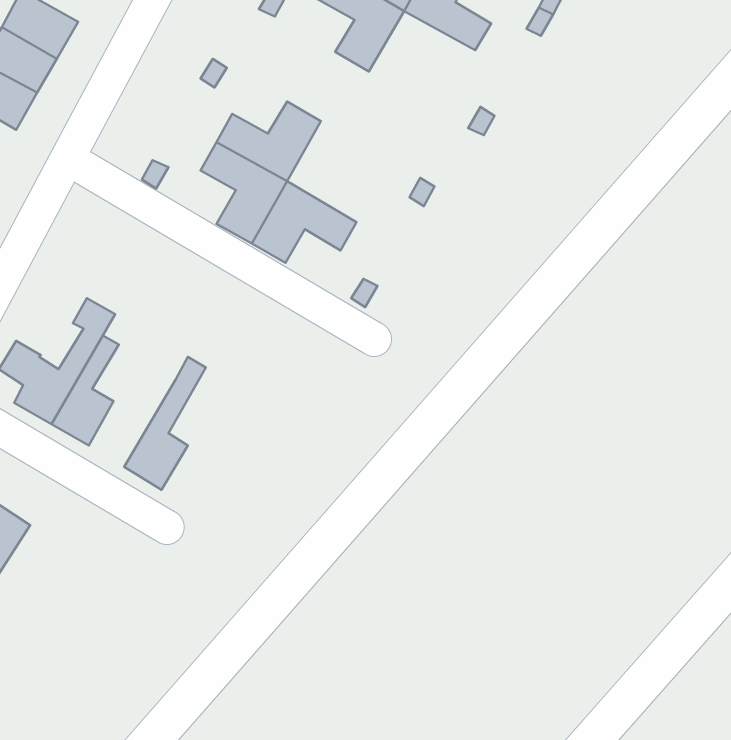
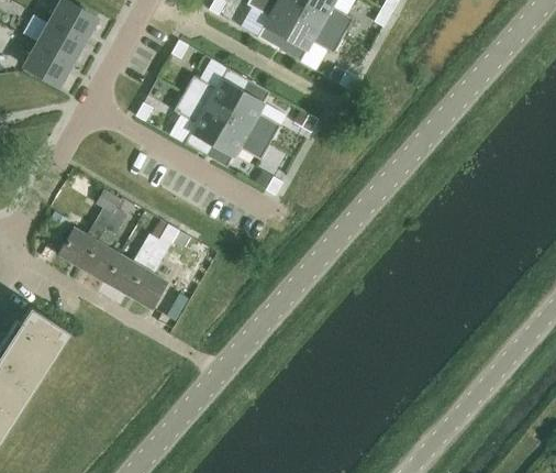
building: none -> [278,12,344,62]
building: none -> [227,80,280,143]
building: none -> [104,234,158,295]

